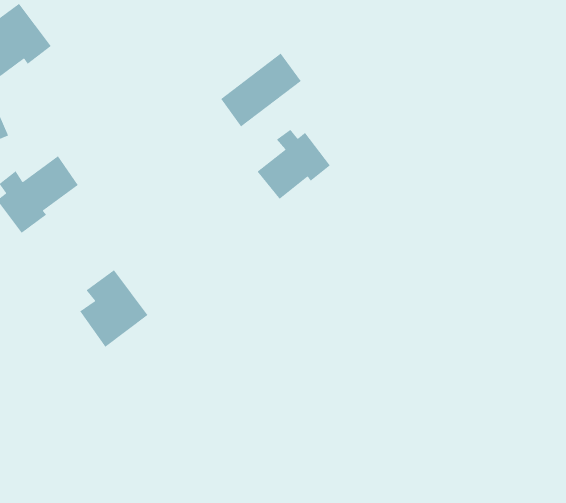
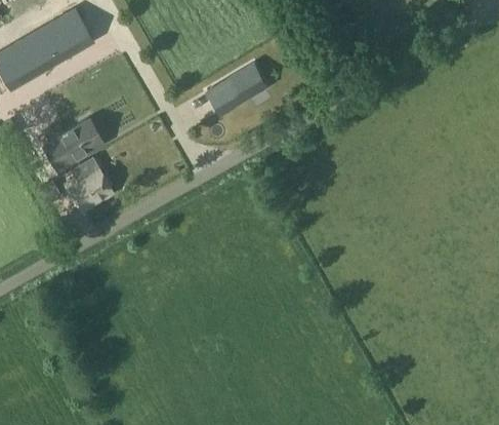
building: [257,129,331,200] -> none
building: [79,269,148,348] -> [64,159,112,214]

